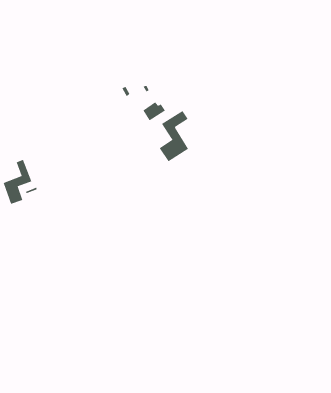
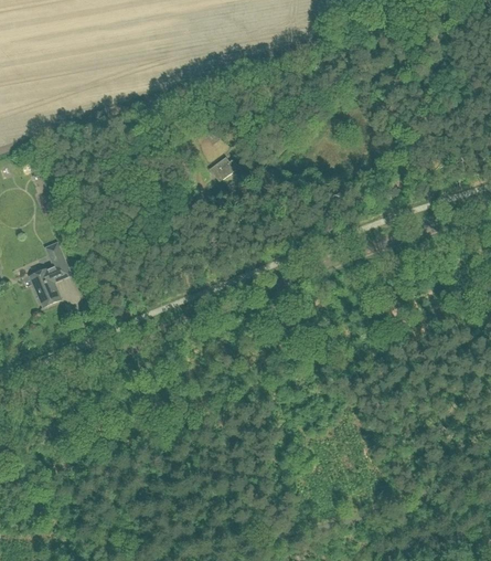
building: [159,110,189,162] -> none

